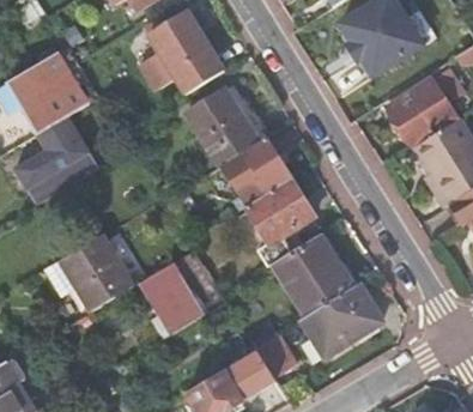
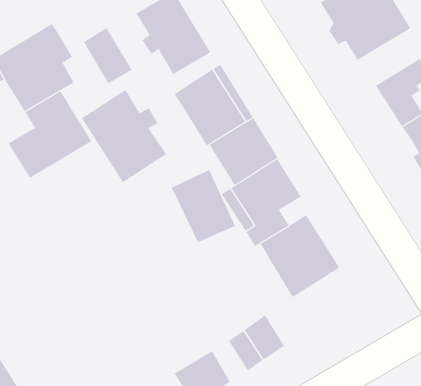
building: none -> [83,27,133,84]
building: none -> [81,89,167,183]
building: [59,234,131,310] -> none
building: [141,259,206,332] -> [171,169,236,243]
building: [301,284,381,357] -> none

